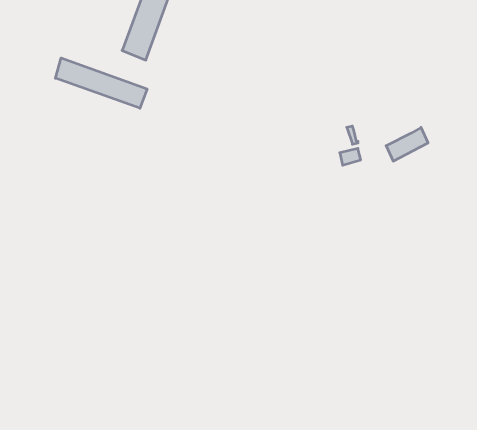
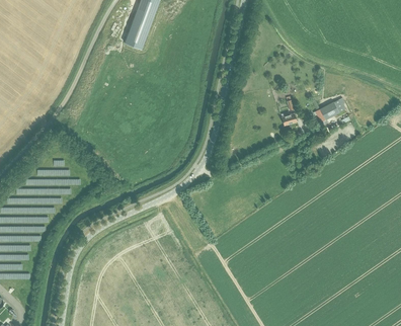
building: [55,58,147,108] -> none

